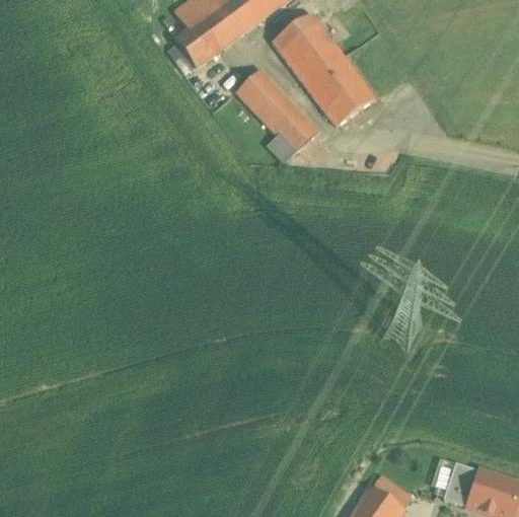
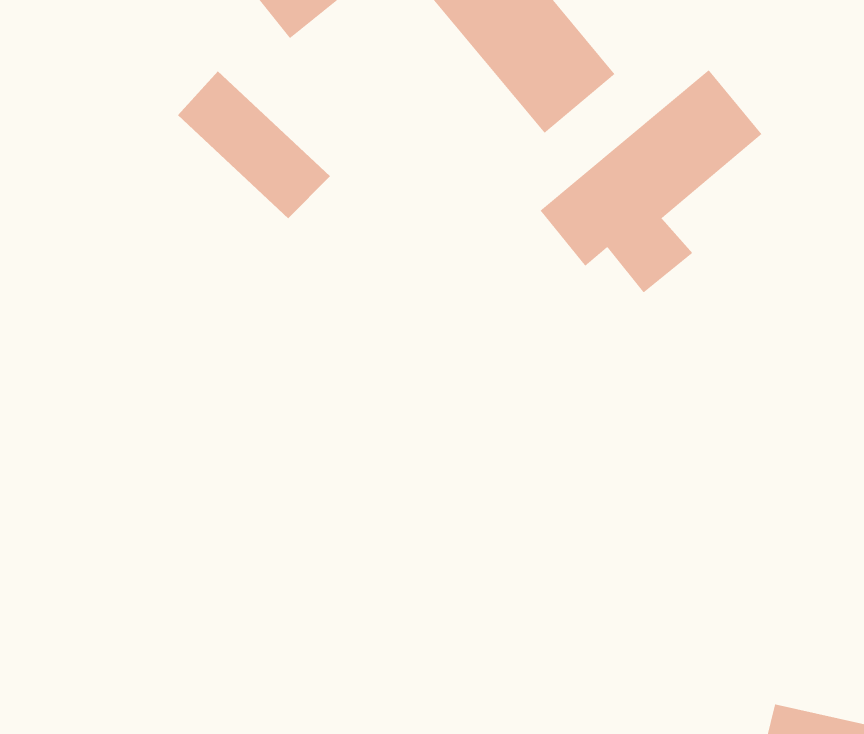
building: [235,69,318,154] -> [177,70,331,219]
building: none -> [540,69,763,294]

